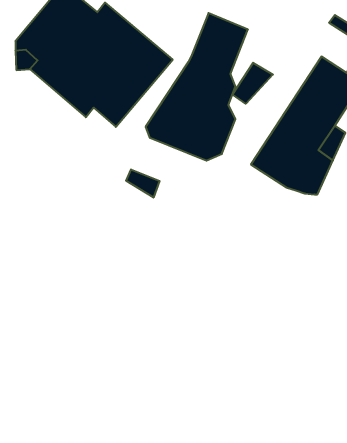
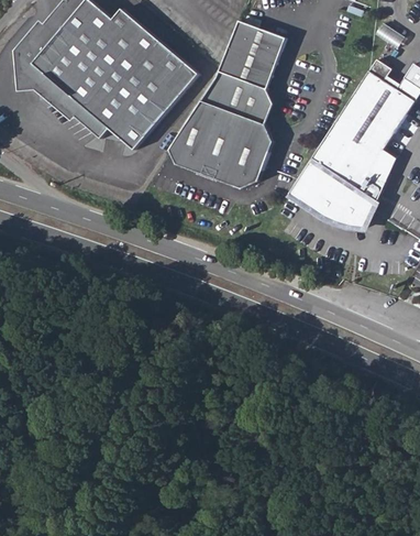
building: [232,63,273,104] -> none
building: [126,169,160,198] -> none

